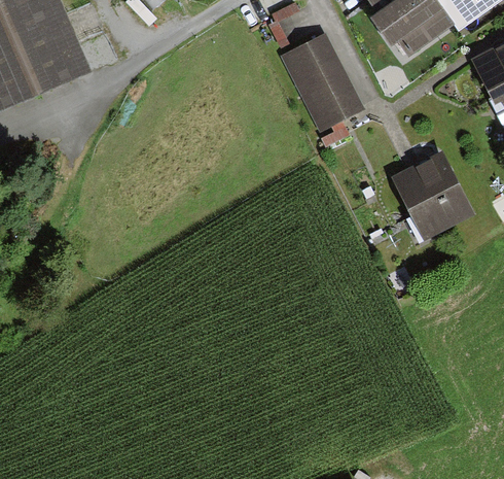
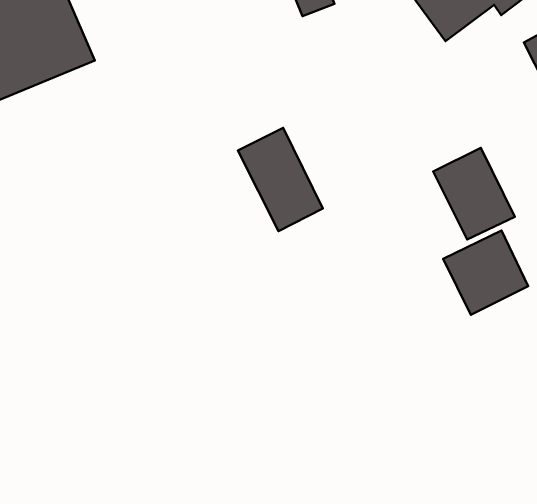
building: [284,36,361,130] -> [238,128,323,231]
building: none -> [443,230,528,315]

